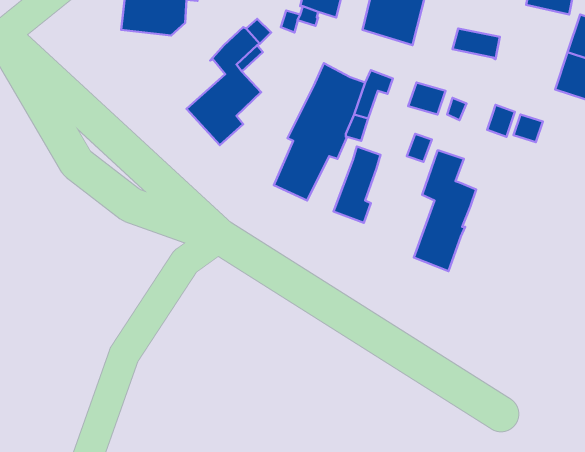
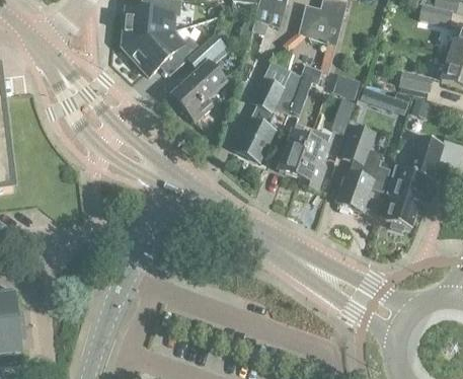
building: none -> [123,27,199,75]
building: [453,28,500,59] -> [399,69,434,91]
building: none -> [385,134,444,229]
building: none -> [300,137,326,188]

